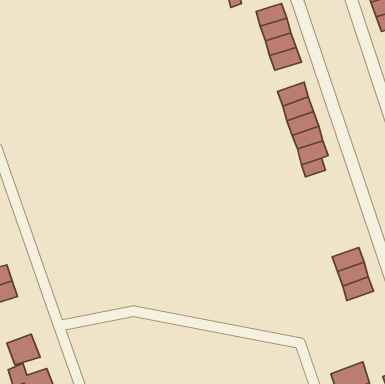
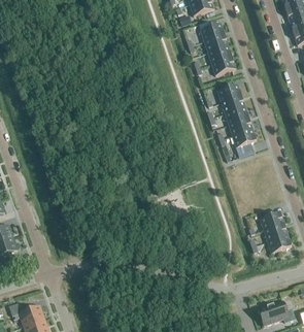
building: [7,334,40,365] -> none

